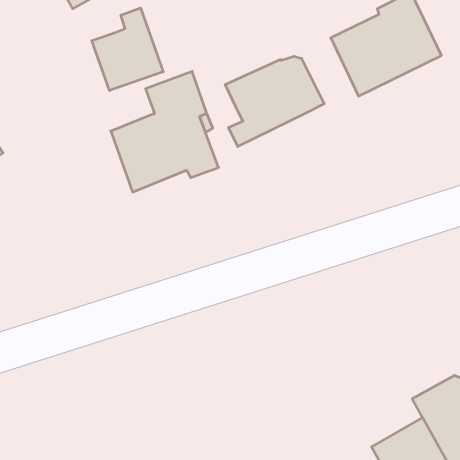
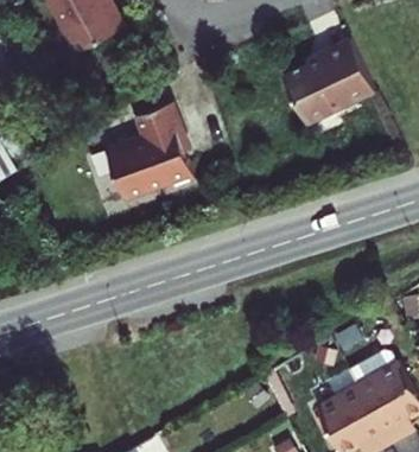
building: [92,8,163,91] -> none
building: [225,56,324,147] -> none

